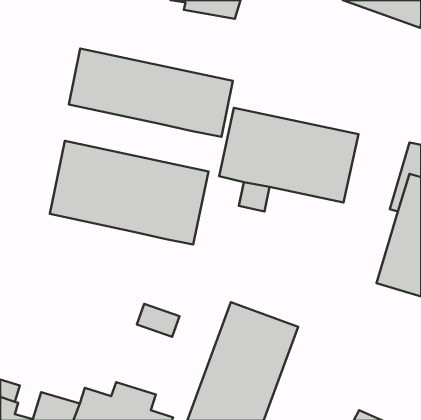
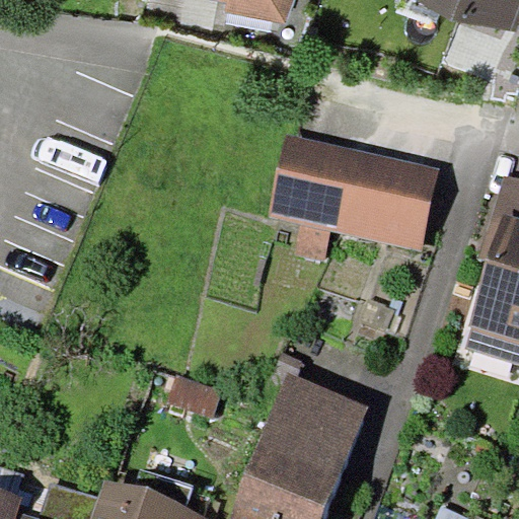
building: [69,49,233,137] -> none
building: [50,141,208,244] -> none

